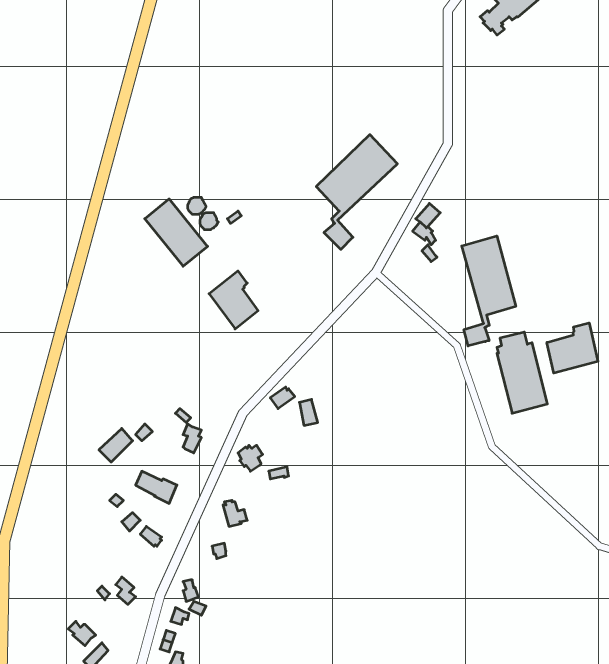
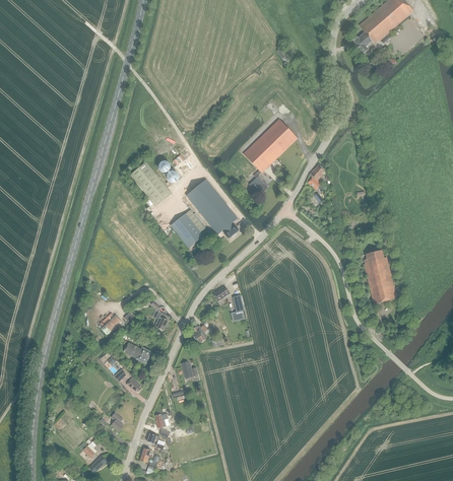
building: none -> [184,180,239,238]
building: [462,236,516,346] -> none
building: [547,323,598,373] -> none

